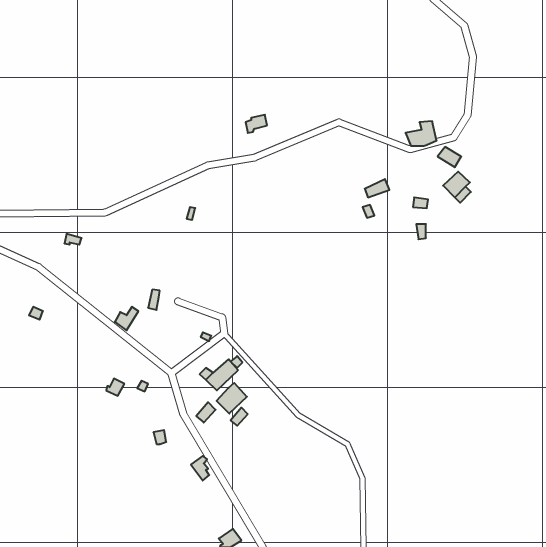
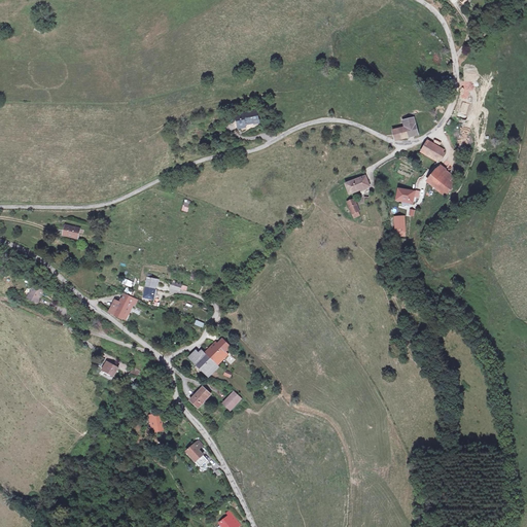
building: [217,383,247,414] -> none

